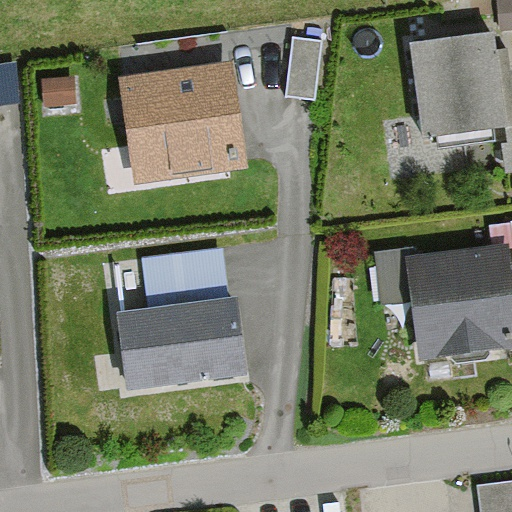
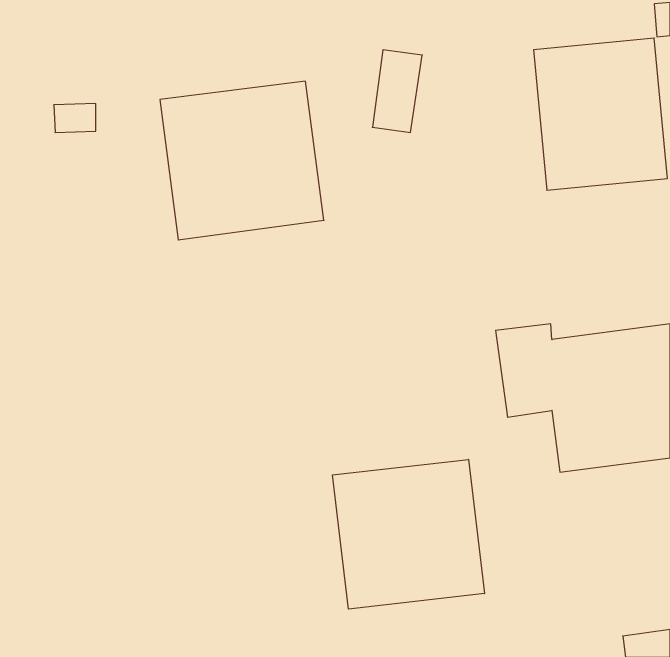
building: [124,250,251,387] -> none
building: none -> [333,459,484,609]

